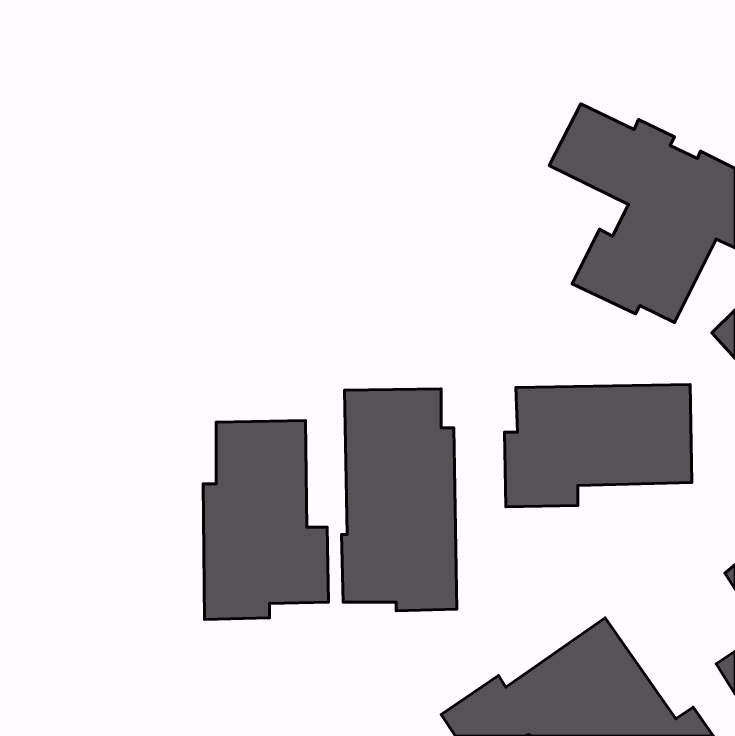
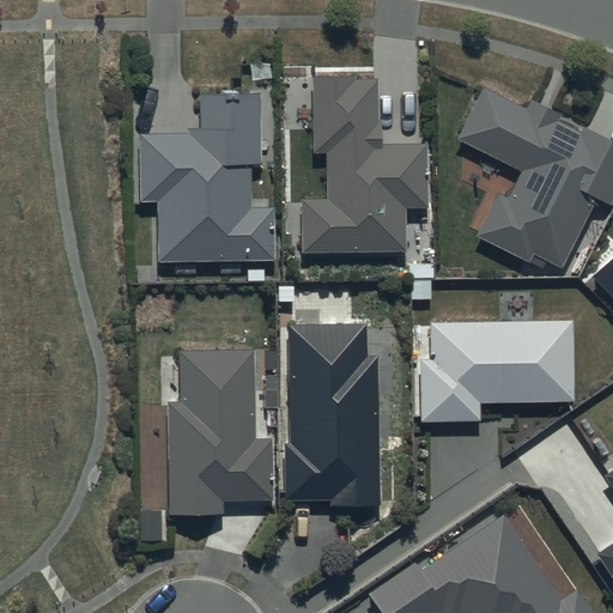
building: none -> [301,75,426,250]
building: none -> [139,93,274,261]

